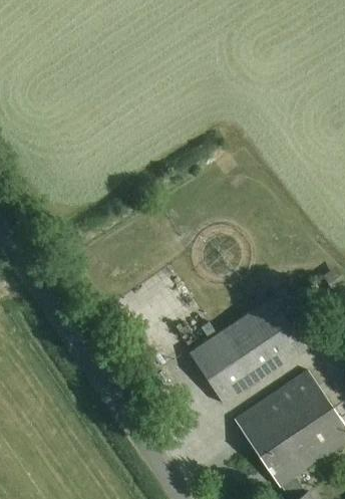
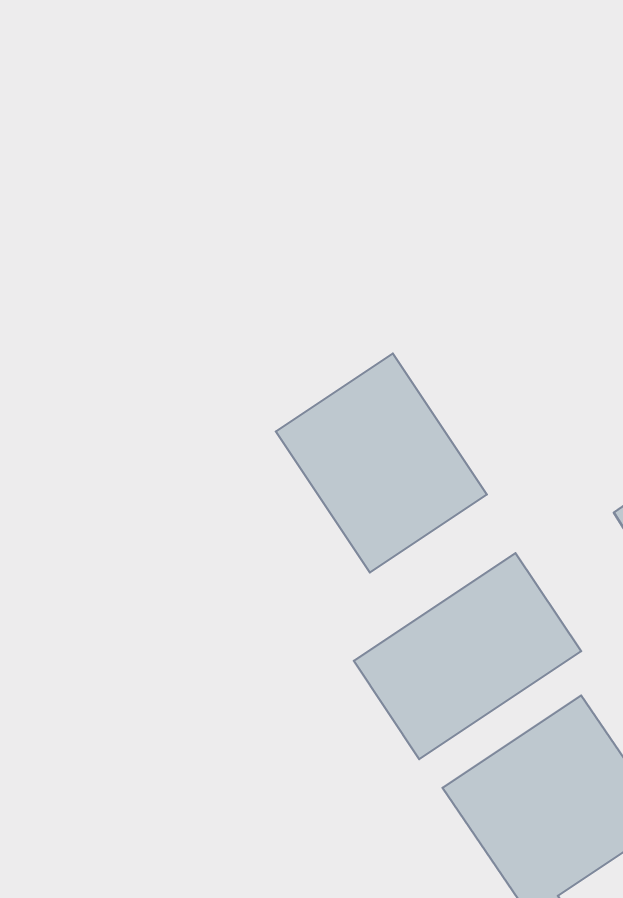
building: none -> [276,354,487,573]

